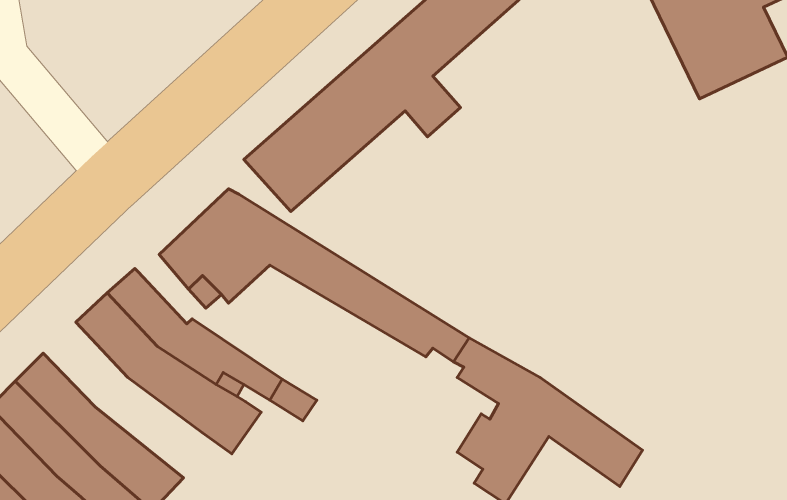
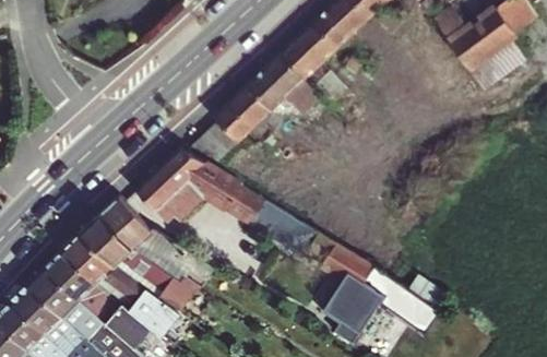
building: none -> [61,231,180,338]

